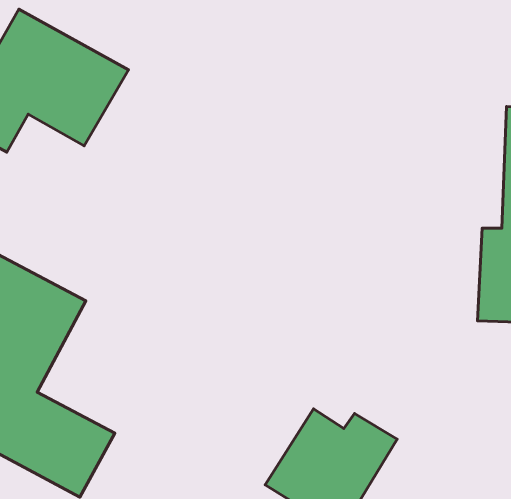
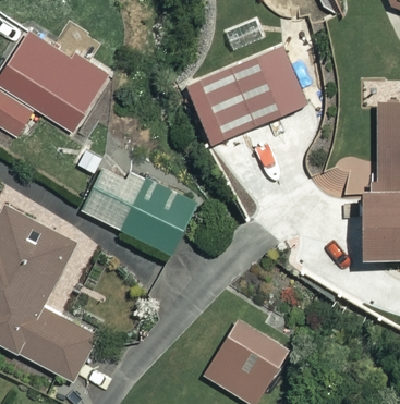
building: none -> [185,45,307,143]
building: none -> [81,163,198,256]

